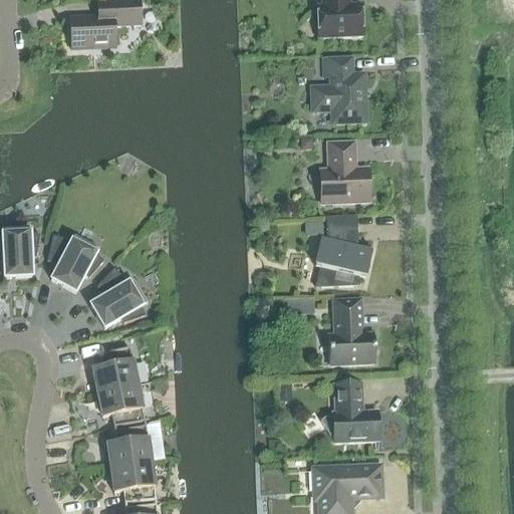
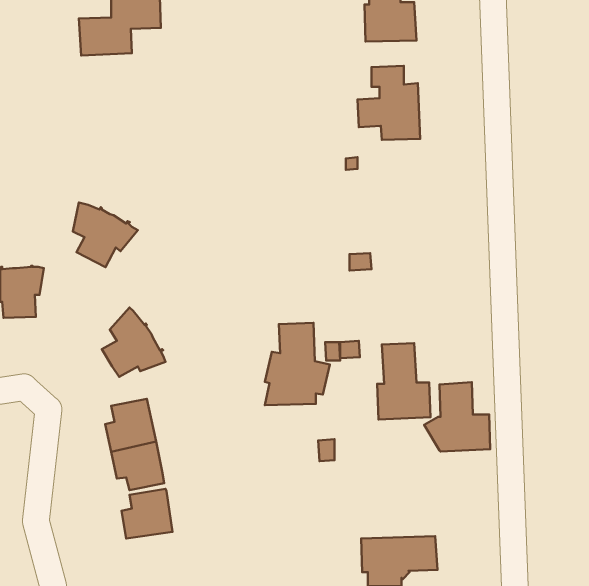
building: [321,142,369,202] -> none
building: [315,214,371,285] -> [265,323,330,405]
building: [48,235,104,291] -> [73,203,138,267]
building: [321,381,378,442] -> [424,382,490,451]
building: [111,462,156,502] -> none

